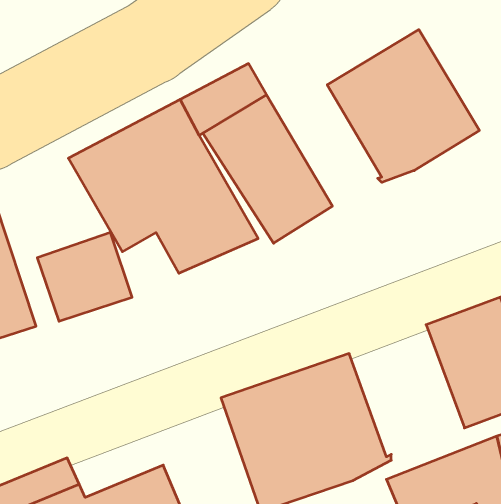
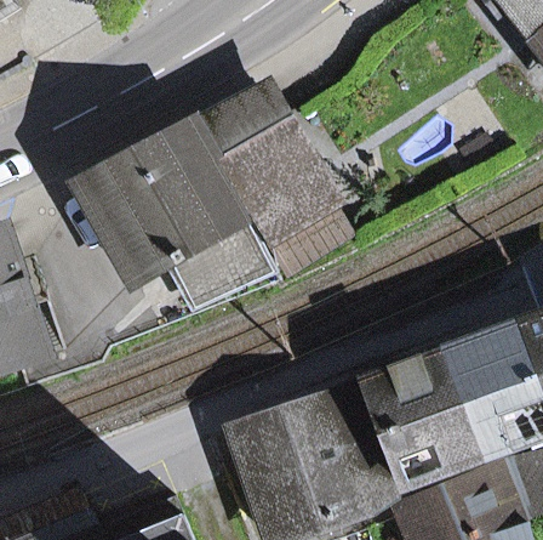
building: [327,30,479,182] -> none
building: none -> [362,356,479,489]

